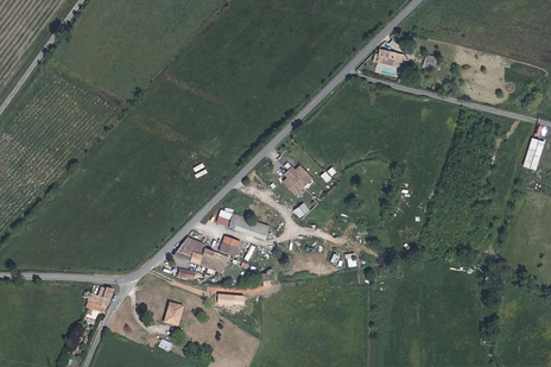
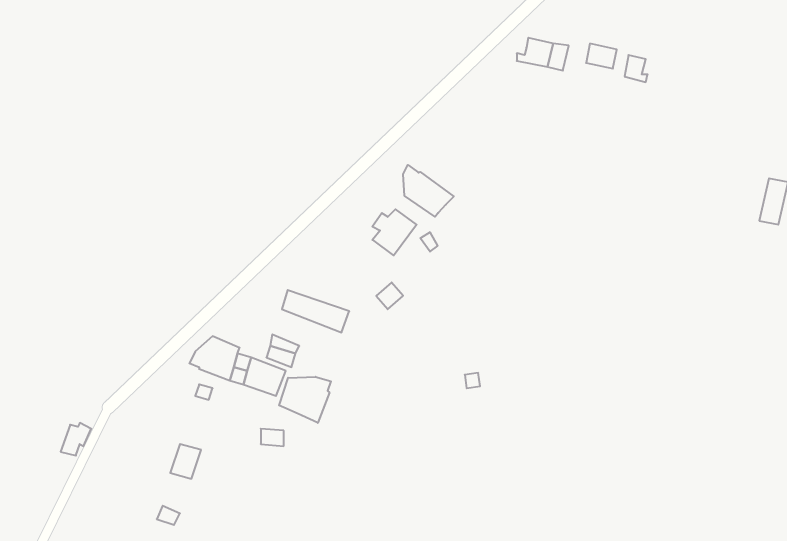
building: none -> [403,165,454,217]
building: none -> [279,377,331,423]

